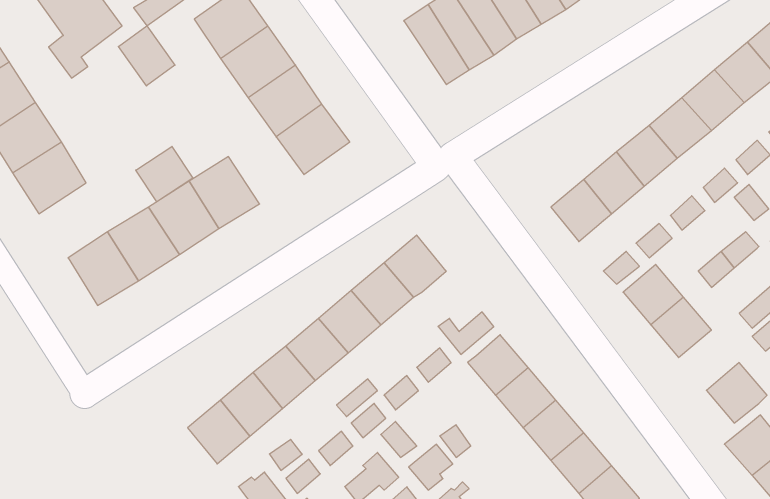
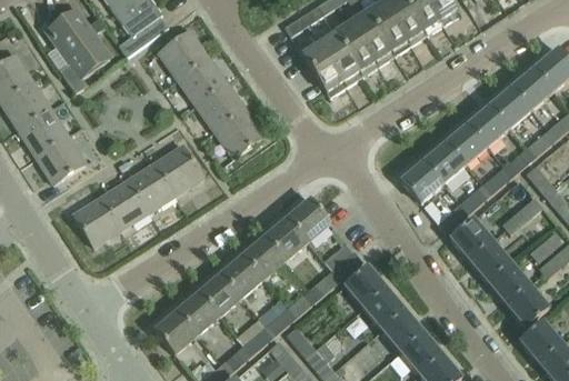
building: [118,26,175,86] -> none
building: [136,146,193,202] -> none
building: none -> [488,262,529,303]

